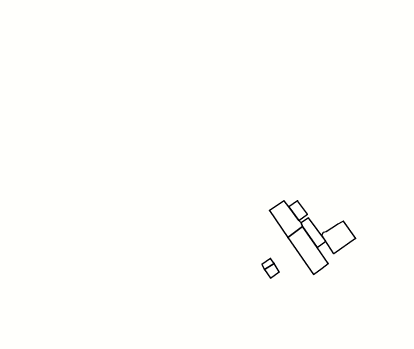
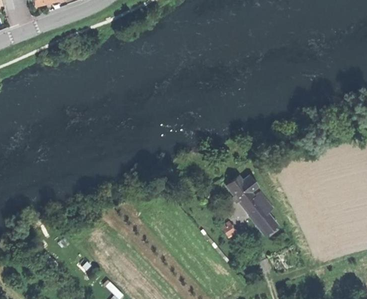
building: [322,221,356,254] -> none

